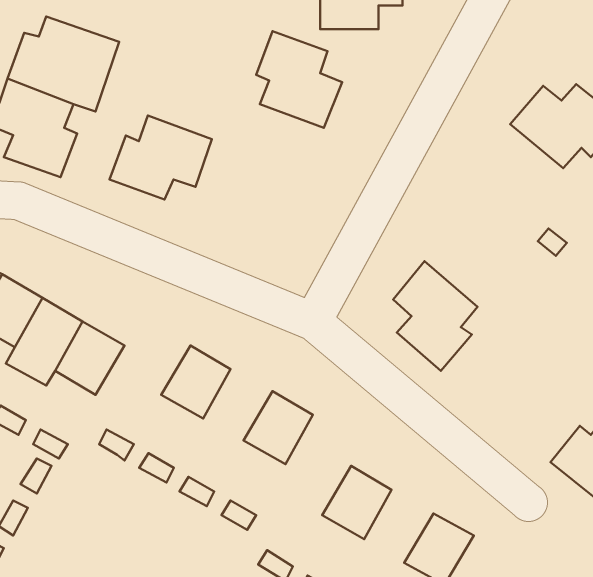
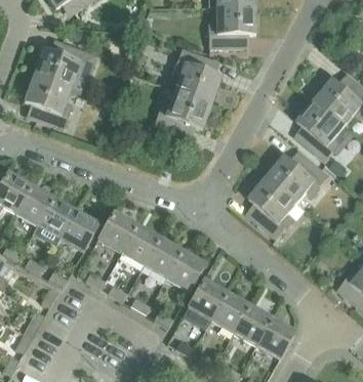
building: [110,115,212,200] -> [153,89,210,136]
building: none -> [297,100,351,162]
building: none -> [267,155,329,203]
building: none -> [96,211,135,252]
building: none -> [143,238,182,278]
building: none -> [187,279,226,320]
building: none -> [233,305,272,346]

